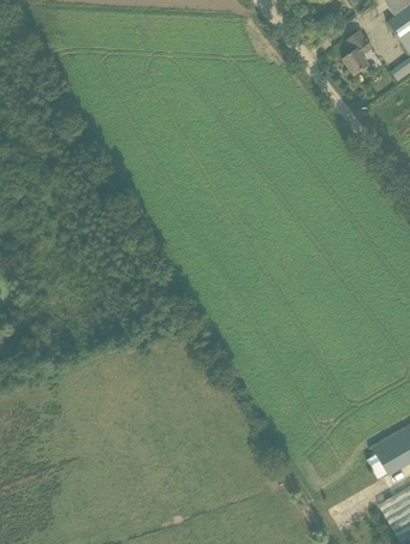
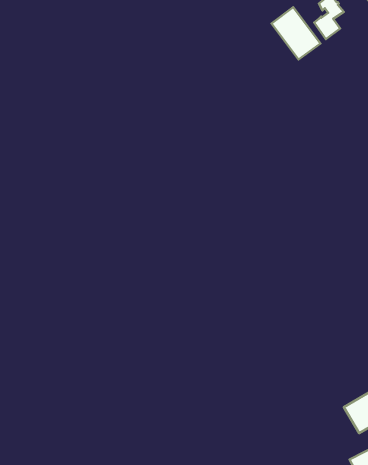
building: none -> [271,7,320,60]

